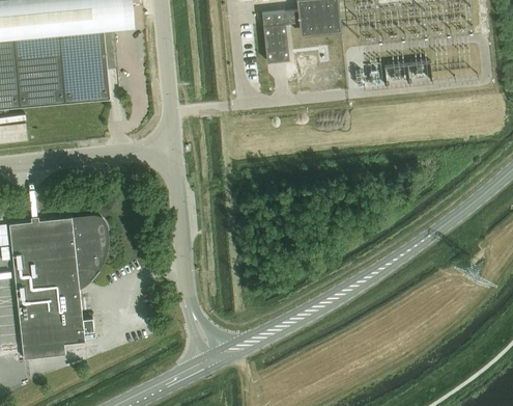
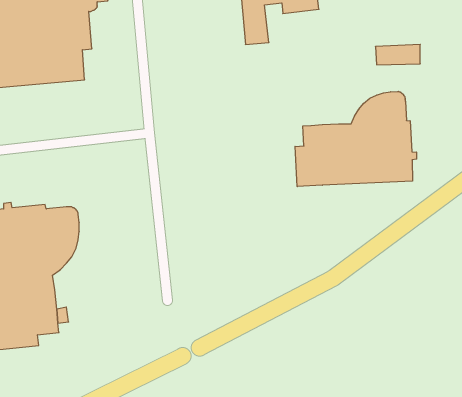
building: none -> [295,91,417,187]

